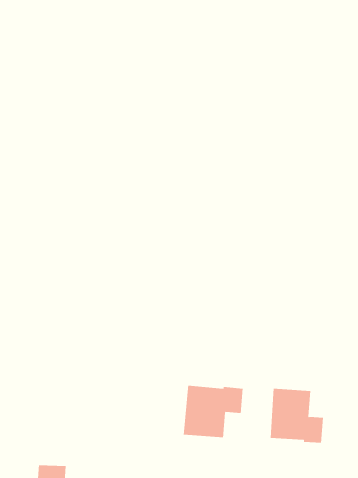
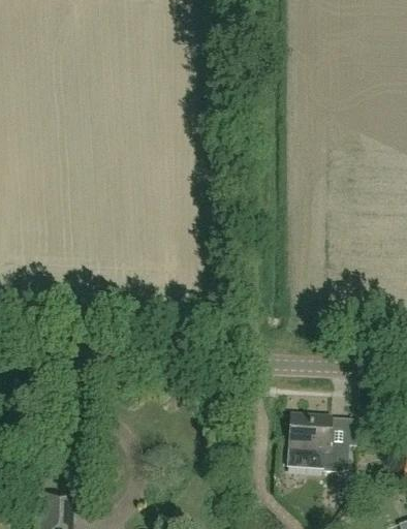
building: [183,385,243,438] -> none

